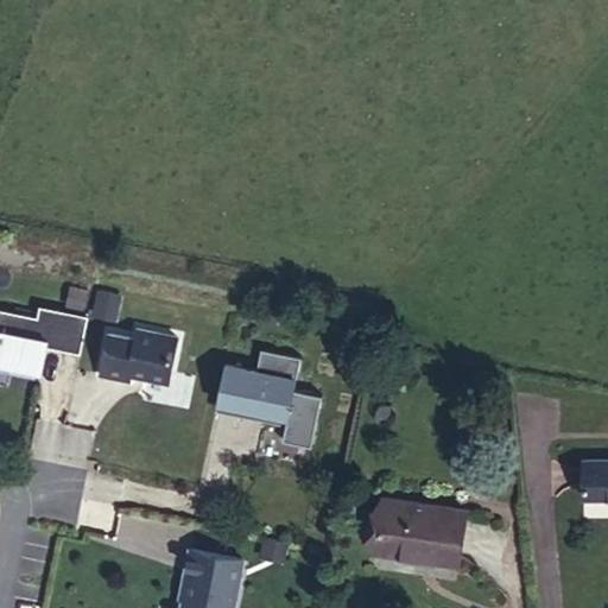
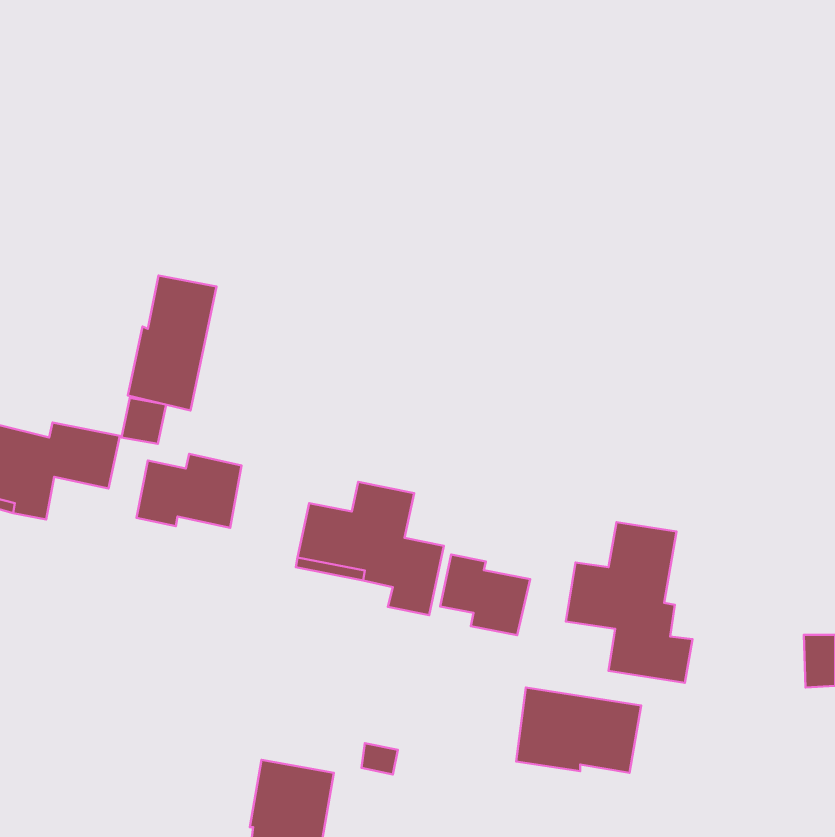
building: none -> [128,275,216,410]
building: none -> [566,522,692,683]
building: none -> [440,554,530,635]

